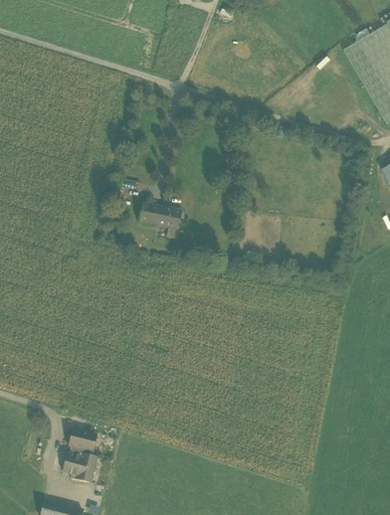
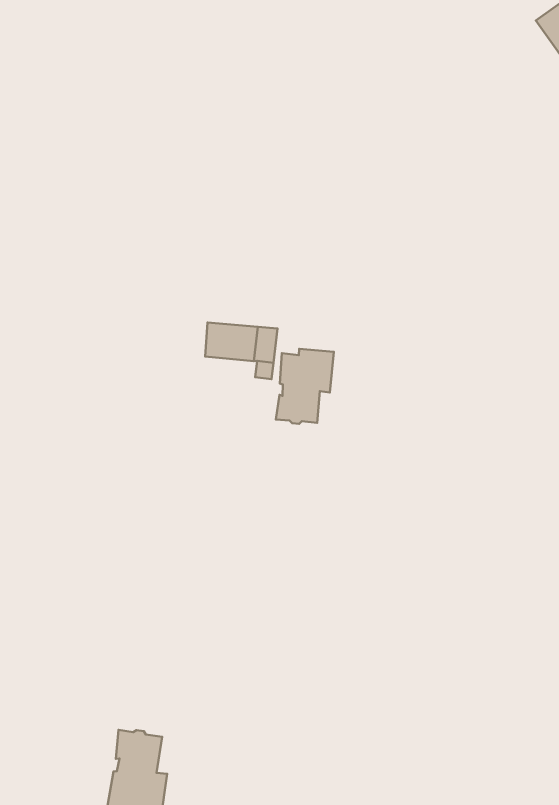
building: none -> [276,349,334,424]

